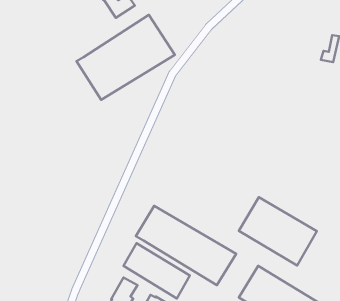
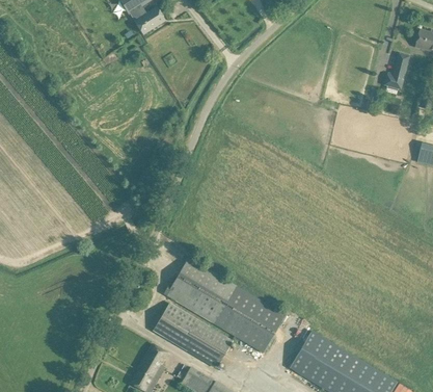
building: [77,15,175,100] -> none
building: [239,197,317,265] -> none

